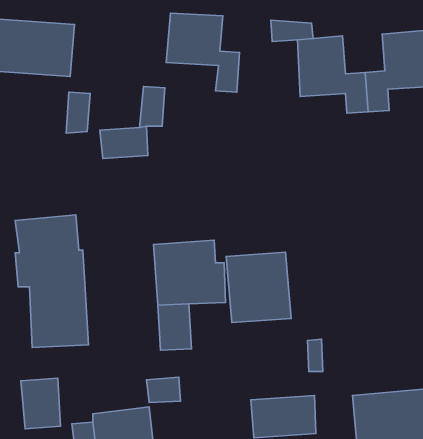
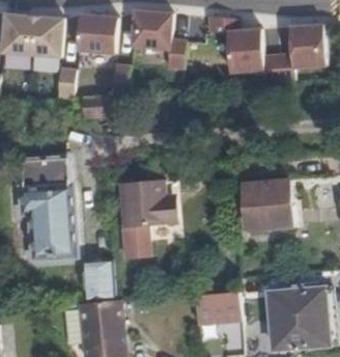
building: none -> [76,16,117,54]
building: [226,252,291,323] -> [244,180,291,231]
building: [21,378,61,429] -> [83,260,112,298]

